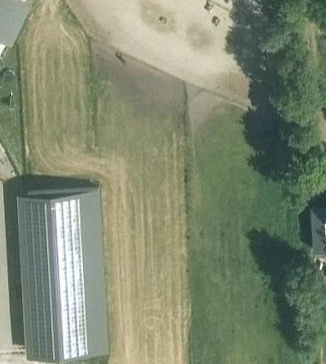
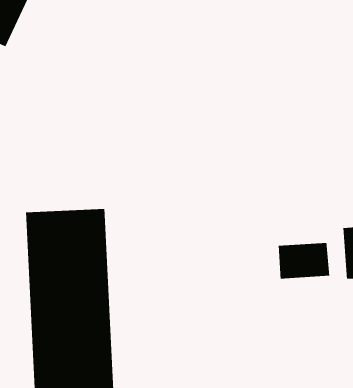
building: none -> [278,242,330,279]

